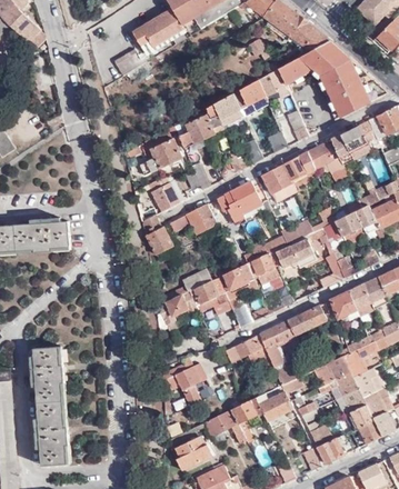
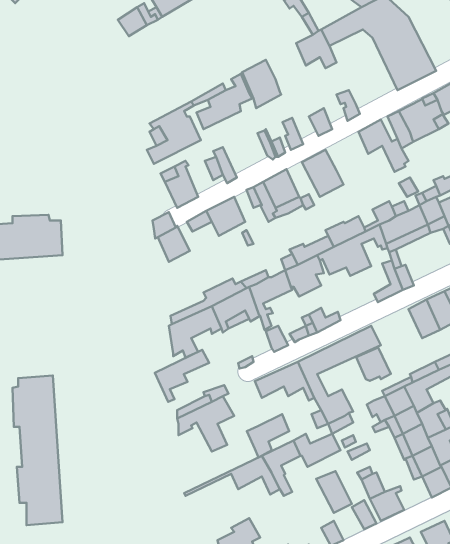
building: [233,80,269,119] -> none
building: [281,151,316,182] -> none
building: [330,293,358,320] -> [356,347,391,381]
building: none -> [155,350,209,402]
building: none -> [247,414,289,457]
building: none -> [316,471,352,513]
building: [174,437,210,470] -> none

